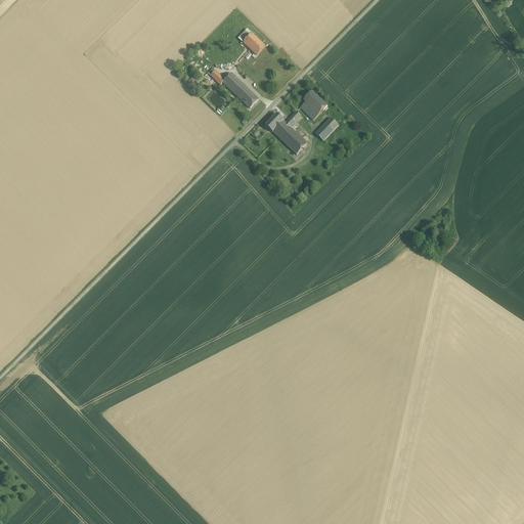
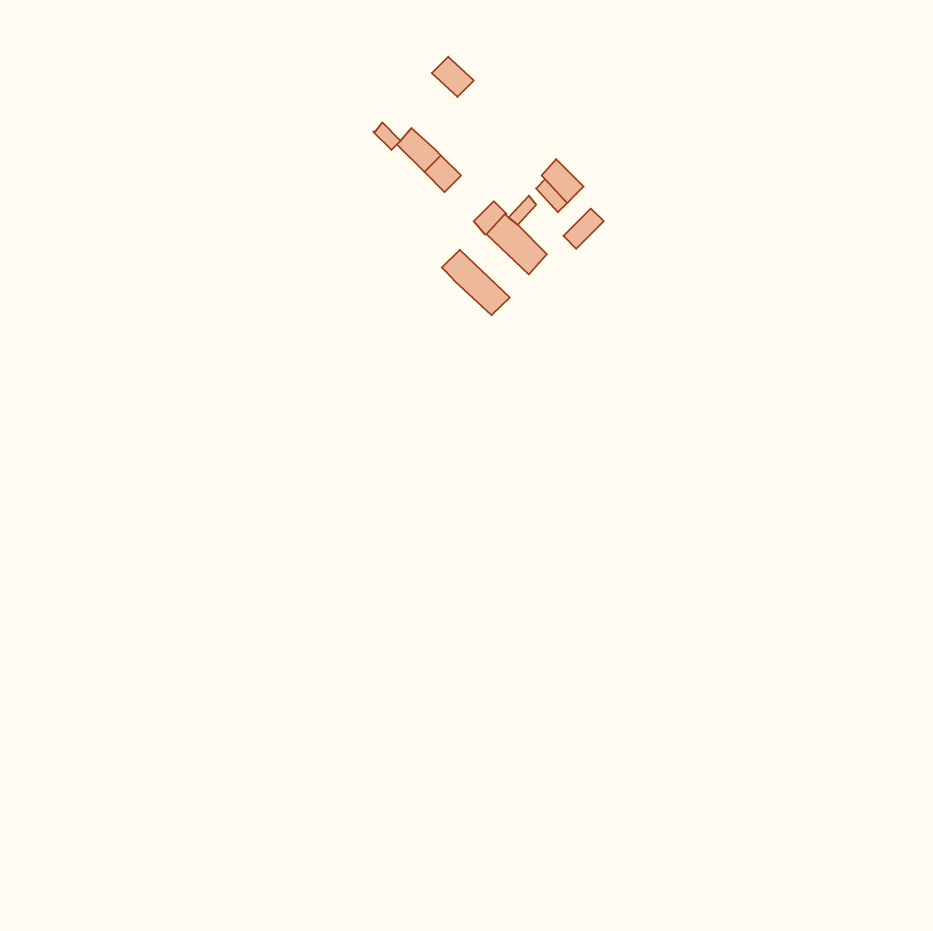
building: none -> [442,250,510,315]

